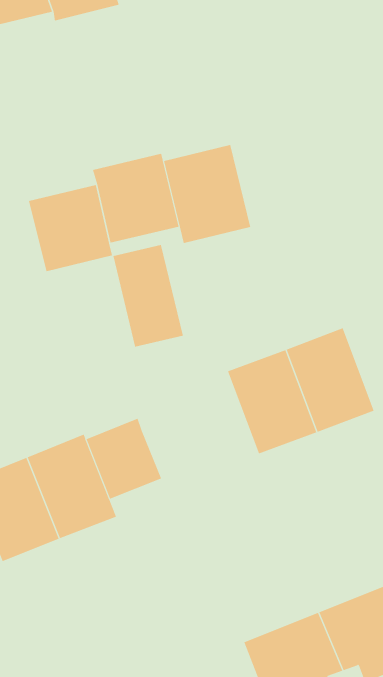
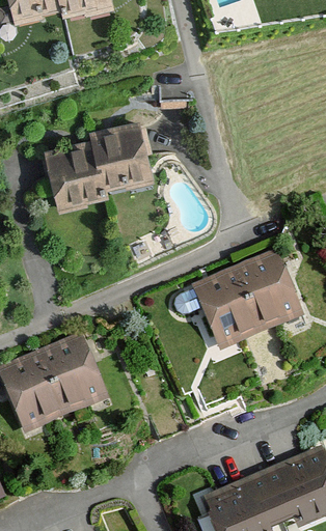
building: [164,144,251,244] -> none
building: [113,244,183,348] -> none
building: [86,418,162,500] -> none

